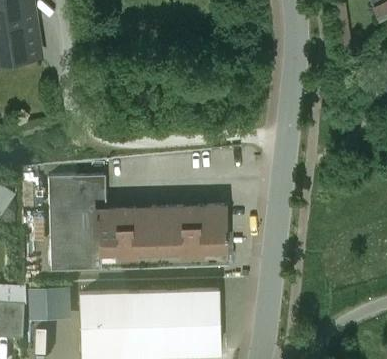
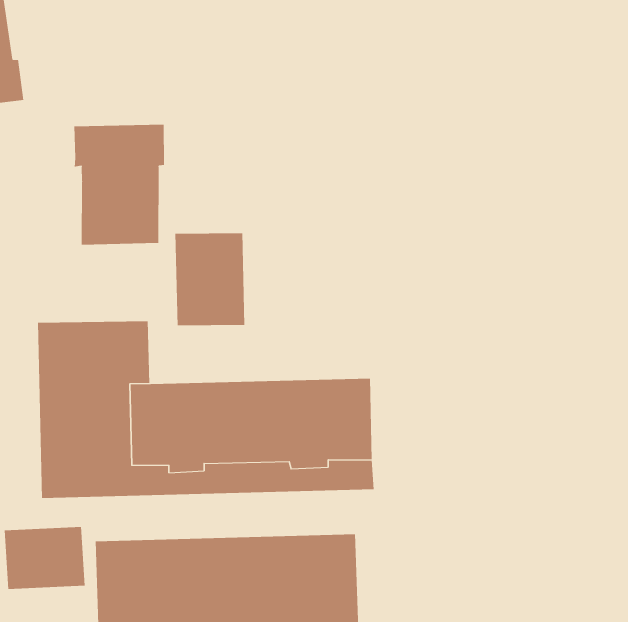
building: none -> [74,124,164,246]
building: none -> [175,233,245,326]

